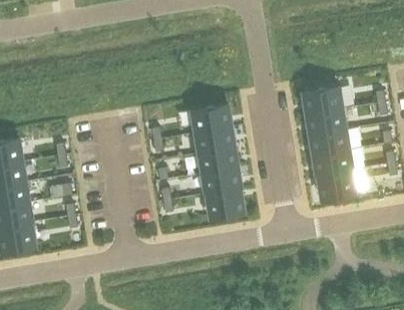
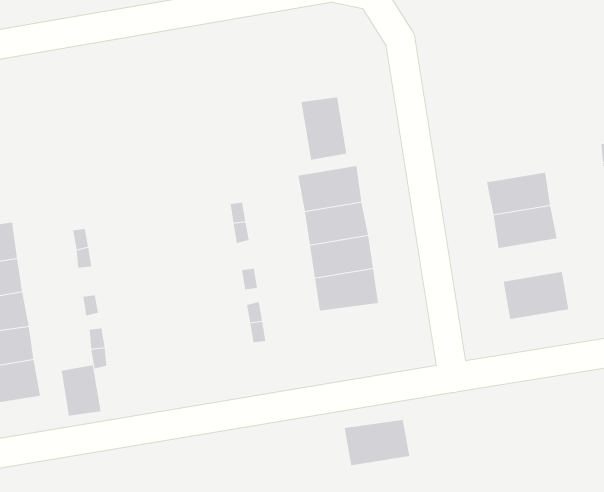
building: none -> [301,96,347,161]
building: [303,87,342,115] -> none
building: [313,149,352,176] -> none
building: [205,189,245,217] -> [344,420,410,466]
building: none -> [61,365,101,416]

